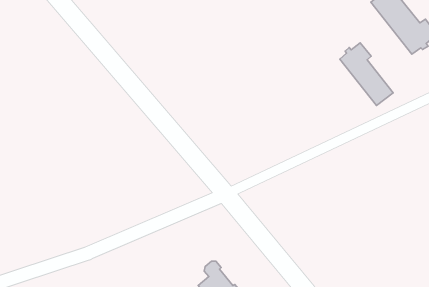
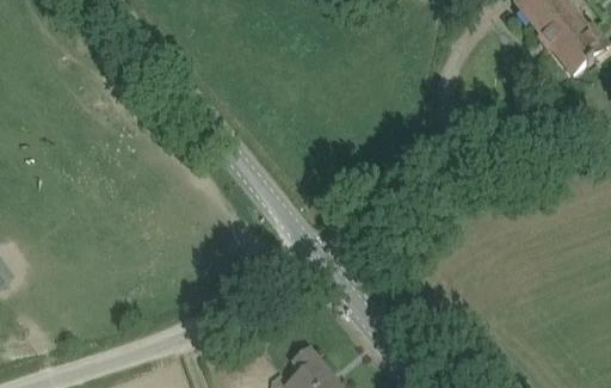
building: [340,43,393,106] -> none

